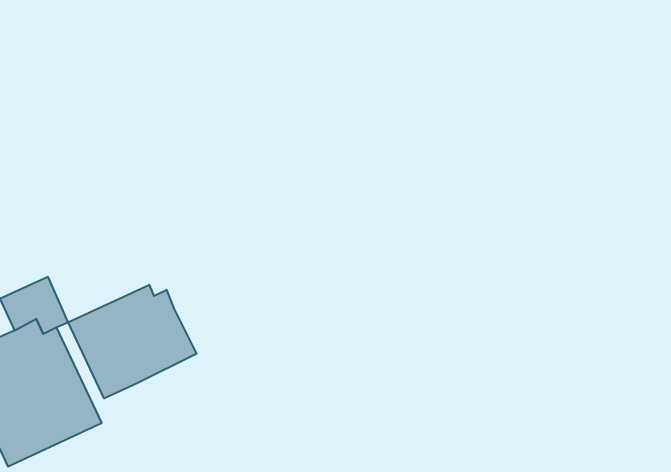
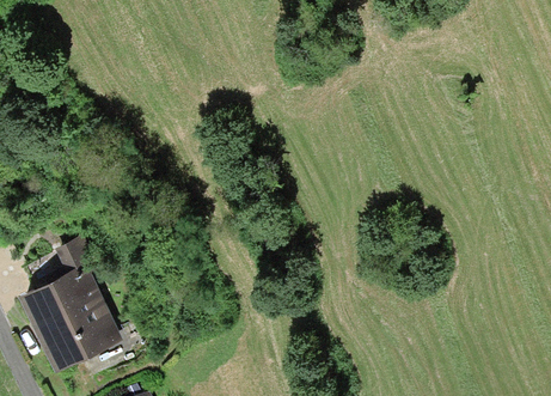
building: [68,285,196,398] -> none

